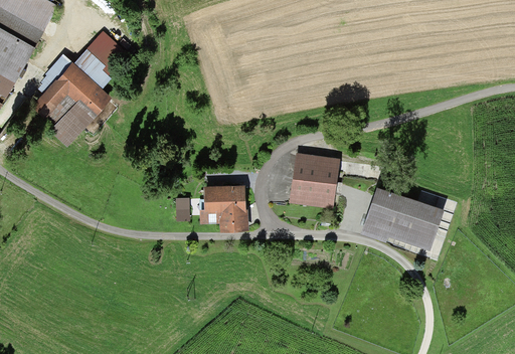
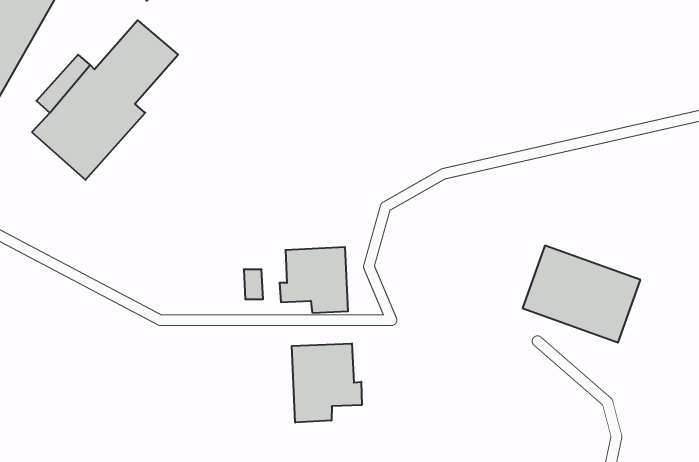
building: [290,155,338,208] -> none
building: none -> [292,343,362,423]

